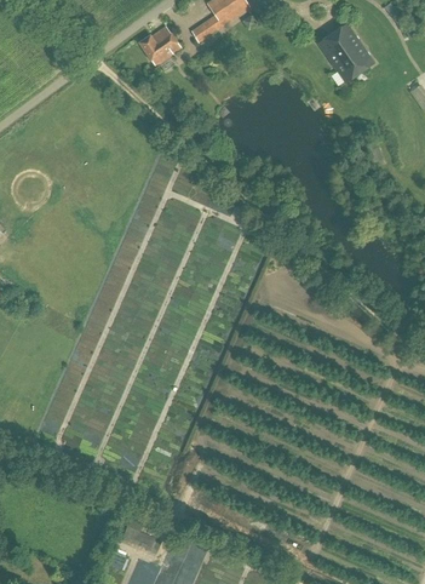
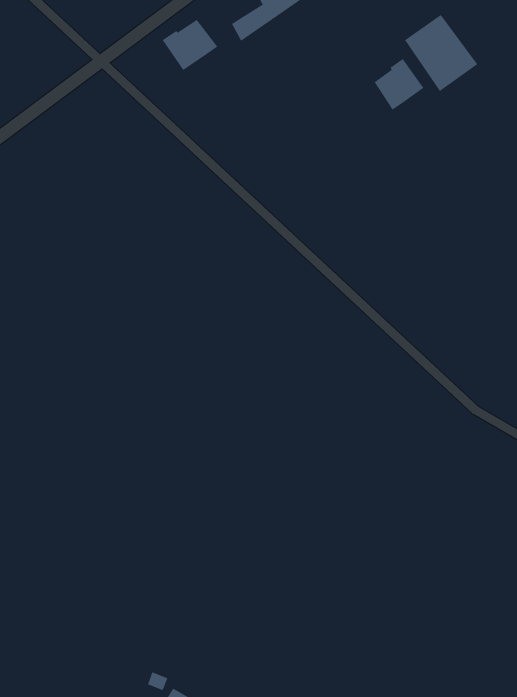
building: none -> [374,58,424,111]

